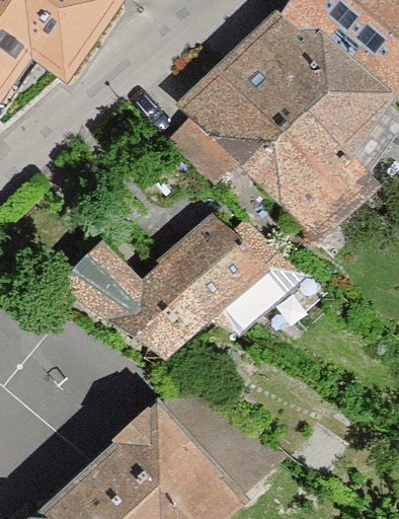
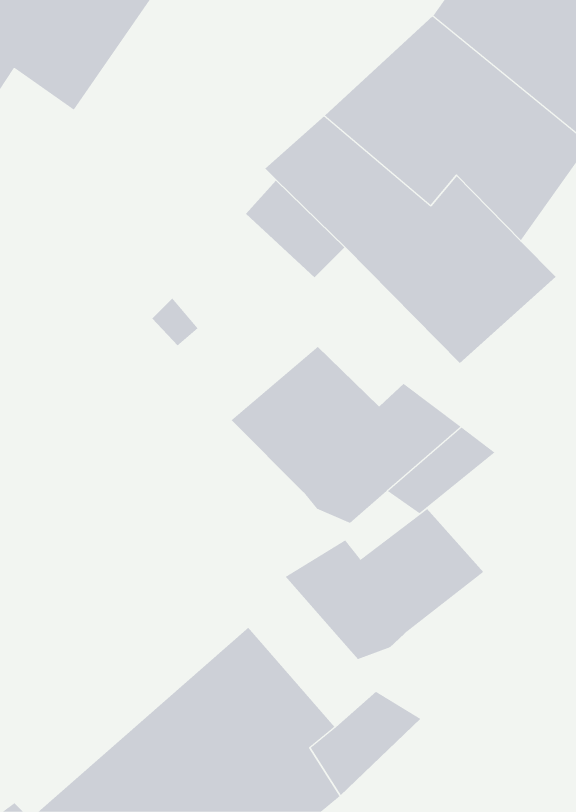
building: [69,250,209,352] -> none
building: none -> [285,508,484,660]

